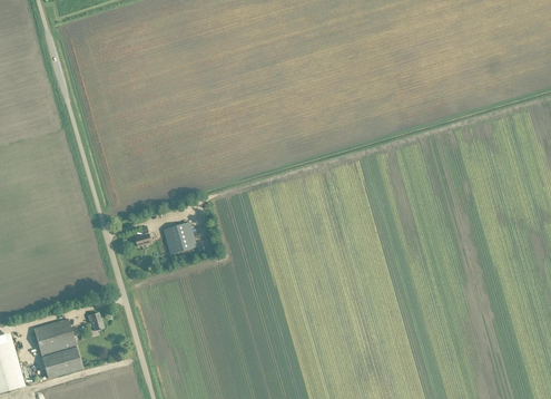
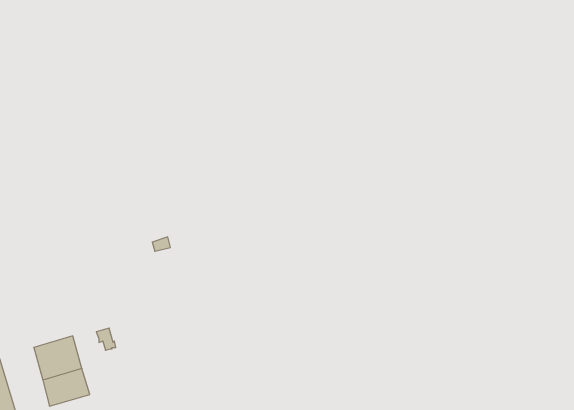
building: [164,222,197,253] -> none

